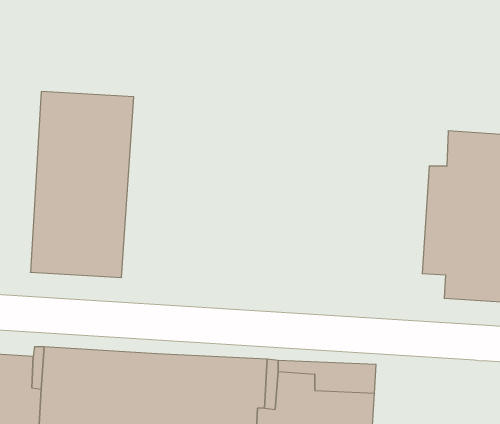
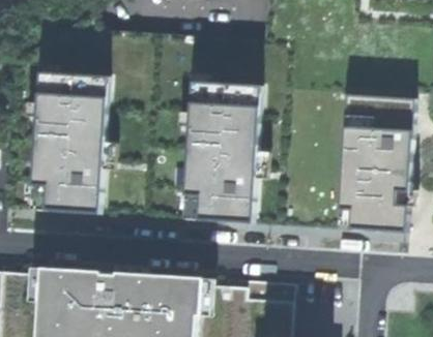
building: none -> [181,84,261,220]

